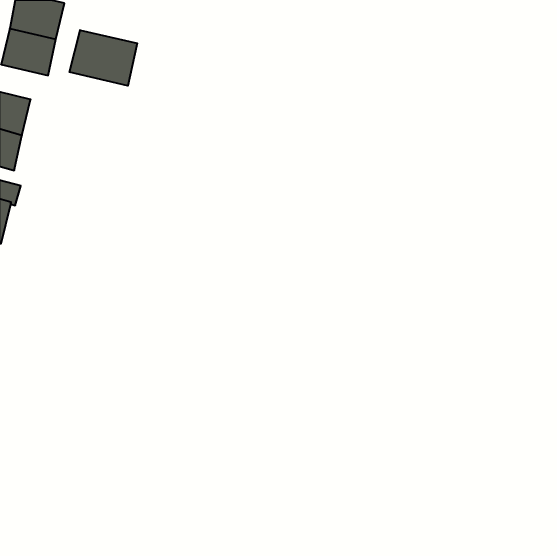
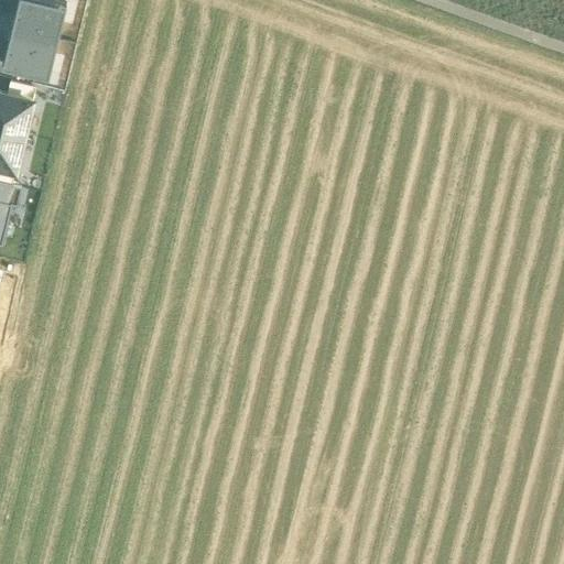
building: [69,30,137,86] -> none

